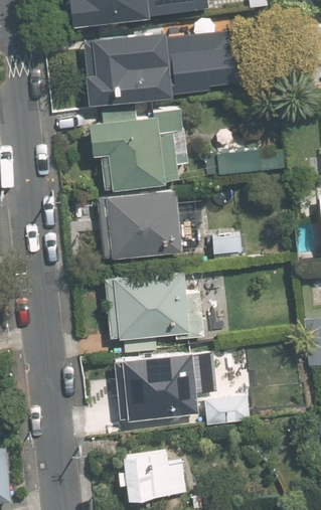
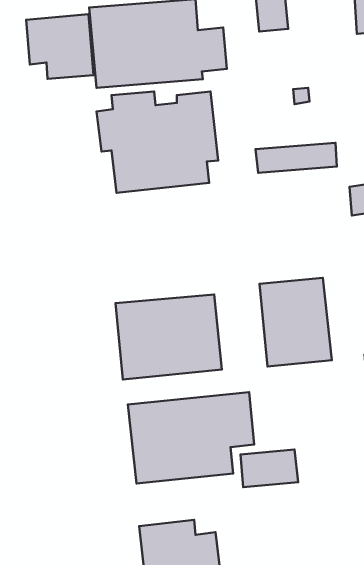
building: none -> [26,14,93,79]
building: [98,188,184,261] -> none
building: none -> [260,278,332,367]

